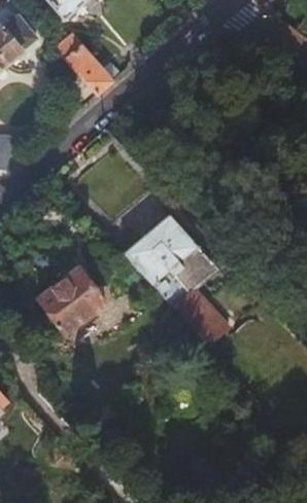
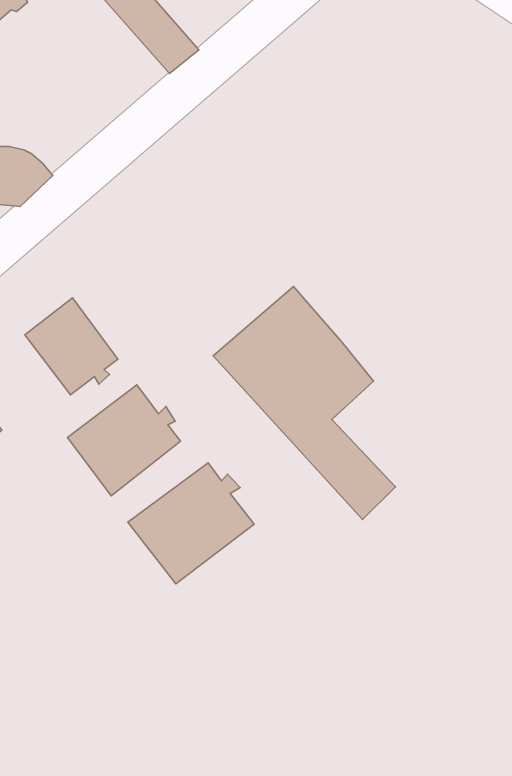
building: none -> [25,298,118,395]
building: none -> [128,463,254,584]

